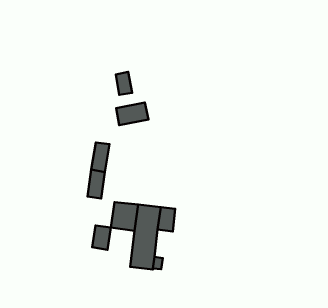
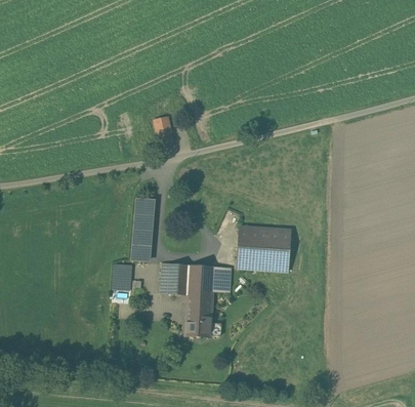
building: [116,103,149,125] -> none
building: none -> [236,225,290,271]
building: [92,225,111,250] -> [112,263,131,290]

